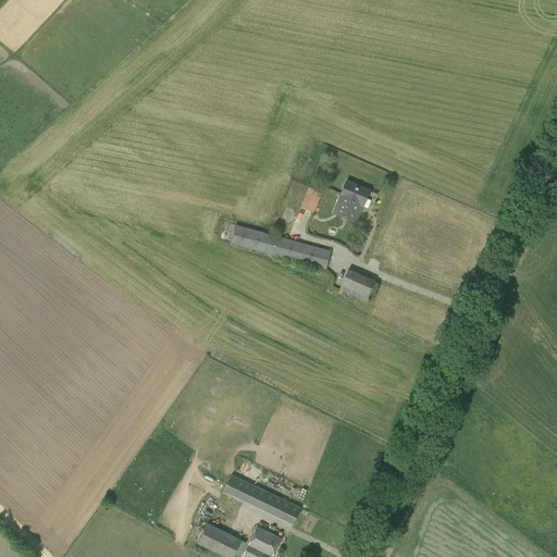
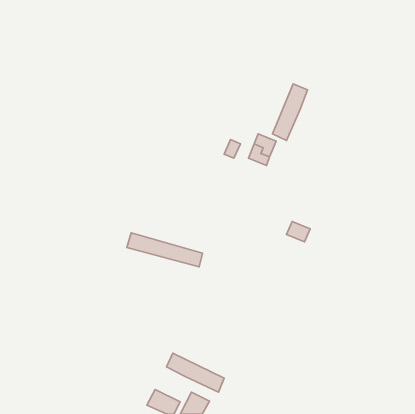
building: none -> [273,84,307,140]
building: [230,223,331,269] -> [127,233,203,267]
building: [342,270,373,297] -> [287,221,310,242]

